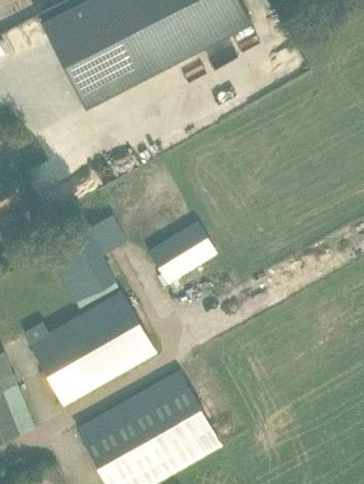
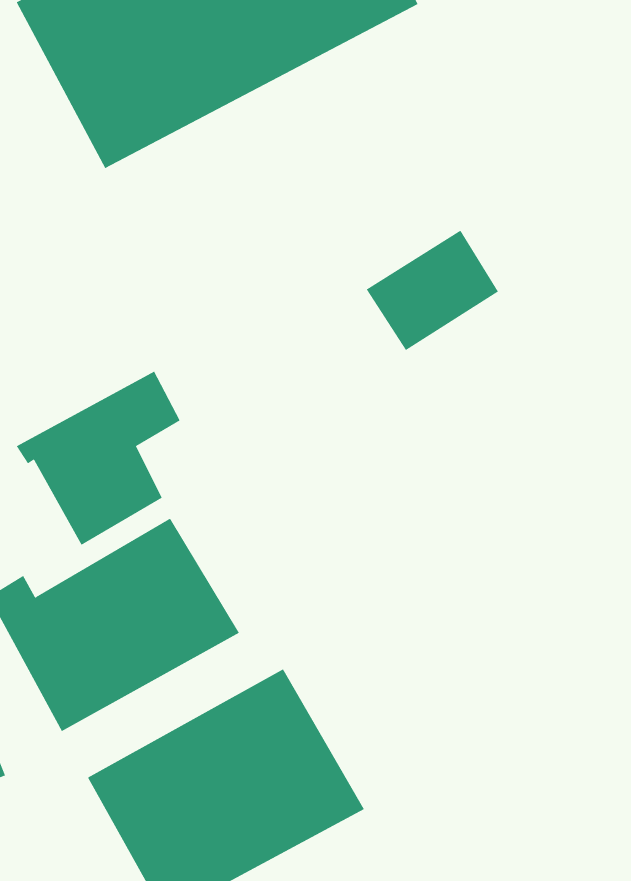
building: [148,222,217,286] -> [366,230,499,351]

